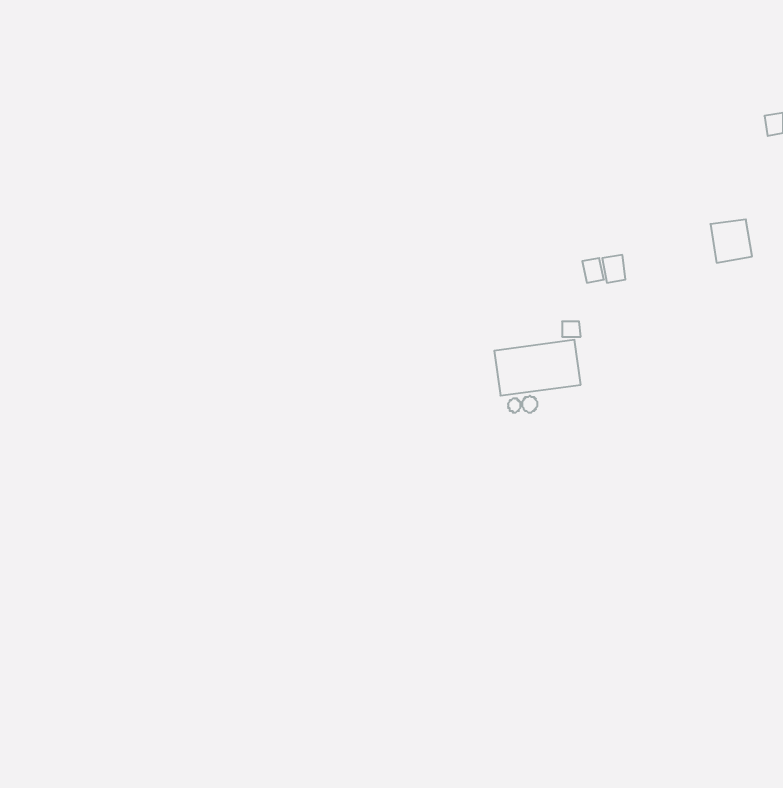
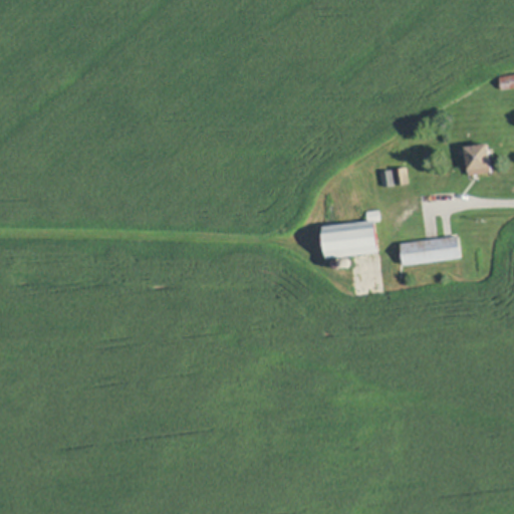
building: none -> [399,236,458,265]

